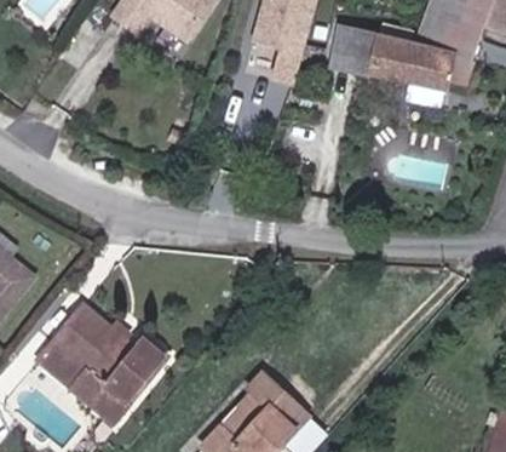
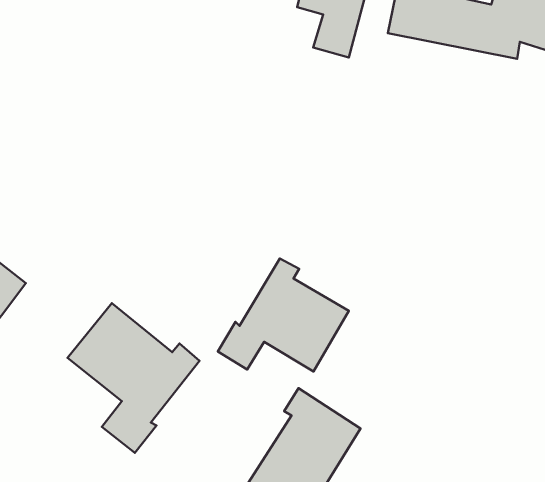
building: none -> [218,258,349,371]
building: [41,339,104,397] -> none

